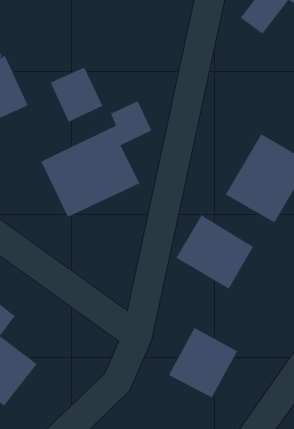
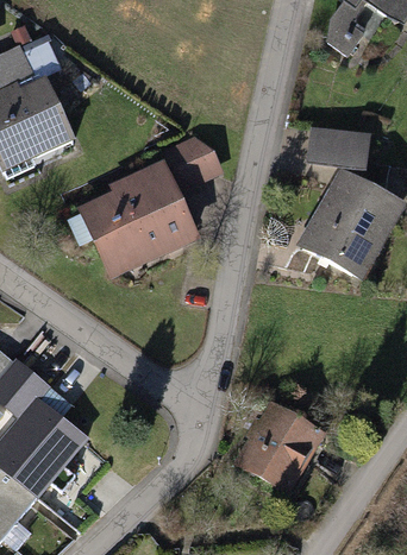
building: [50,67,103,123] -> none
building: none -> [308,125,374,168]
building: [176,215,254,290] -> none

